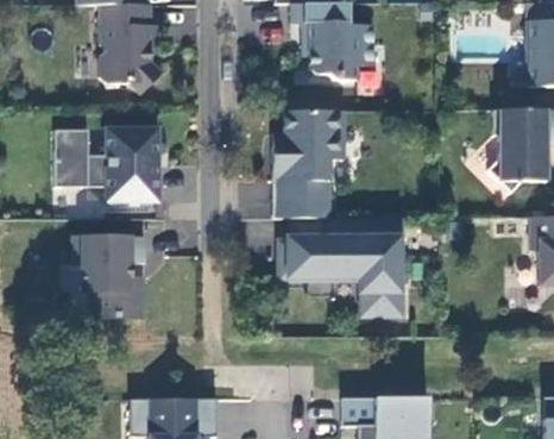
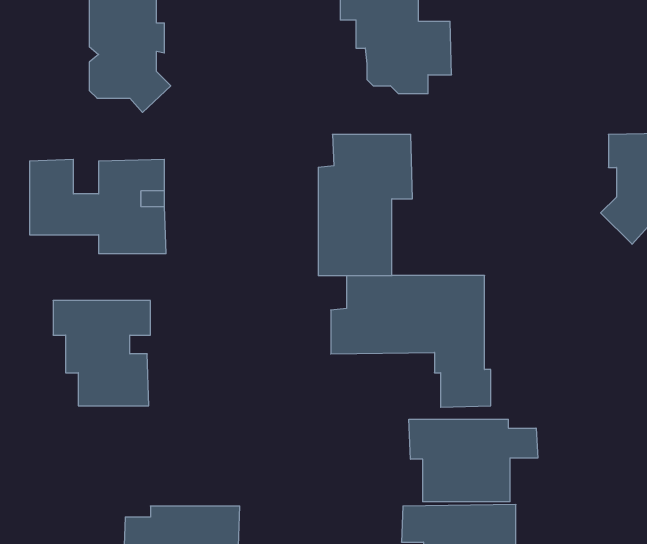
building: none -> [409,419,538,502]

